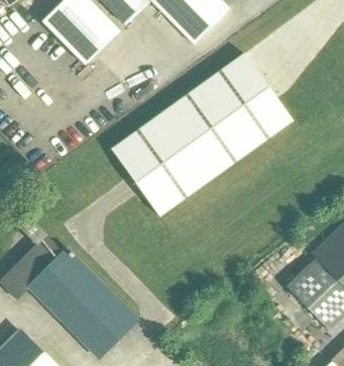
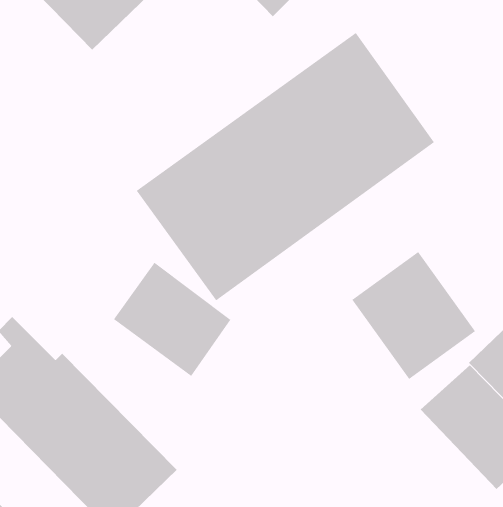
building: none -> [351,251,476,380]
building: none -> [113,262,231,377]

